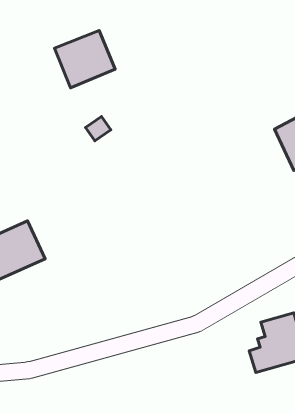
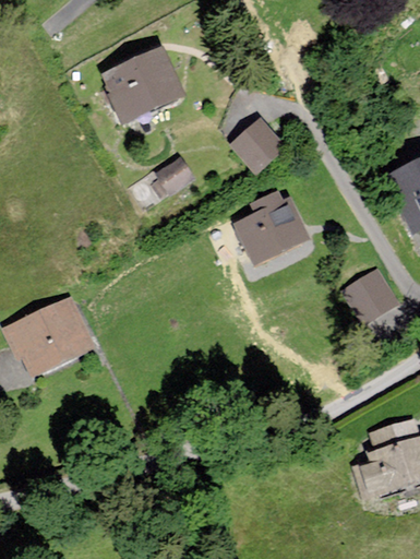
building: none -> [233,119,286,171]
building: none -> [236,190,309,262]
building: none -> [345,269,396,320]

